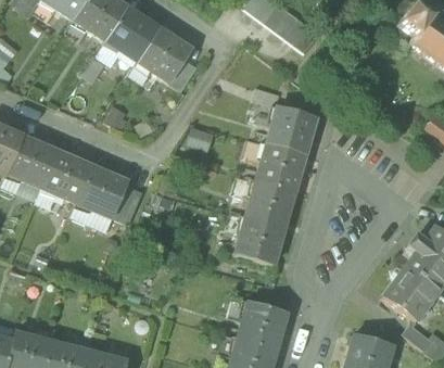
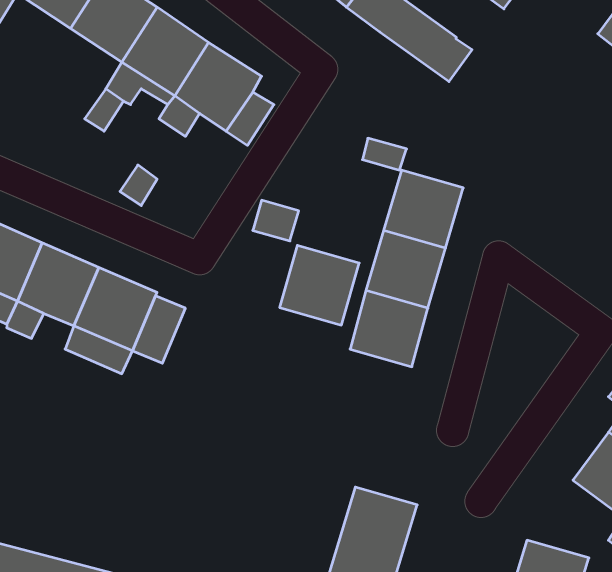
building: [236,216,284,265] -> [280,245,359,325]

